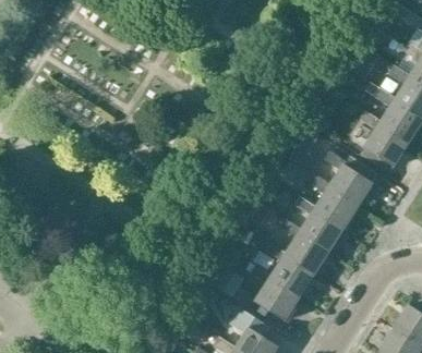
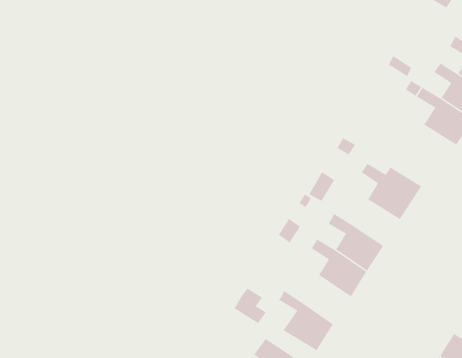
building: [358,109,409,172] -> none
building: [309,176,359,228] -> none
building: [256,235,315,297] -> none

